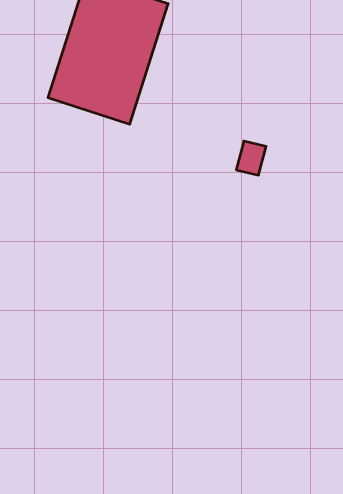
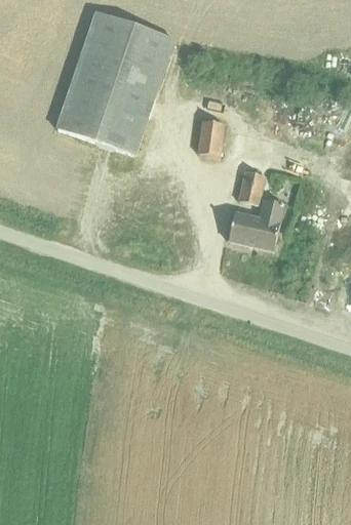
building: none -> [198,119,223,156]
building: none -> [228,198,286,251]

